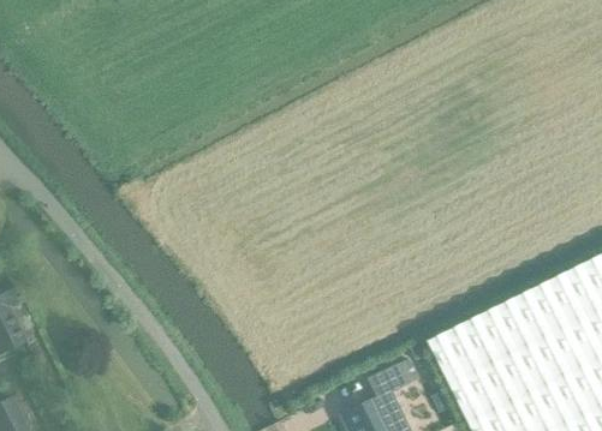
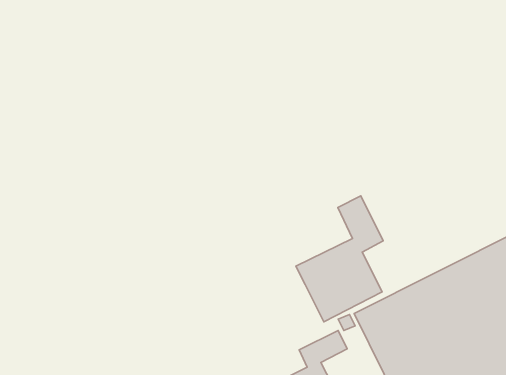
building: none -> [296,196,383,322]

